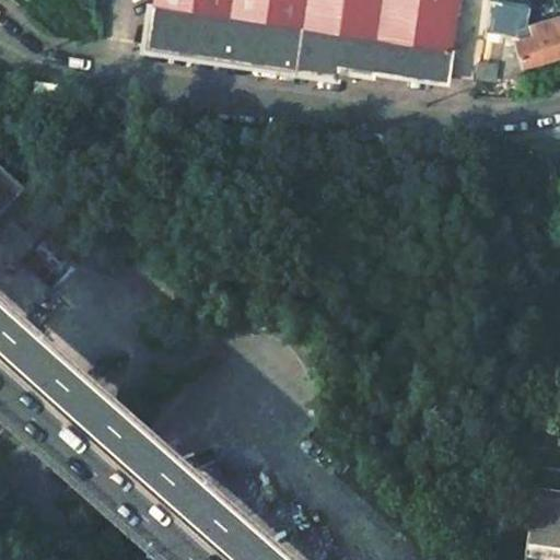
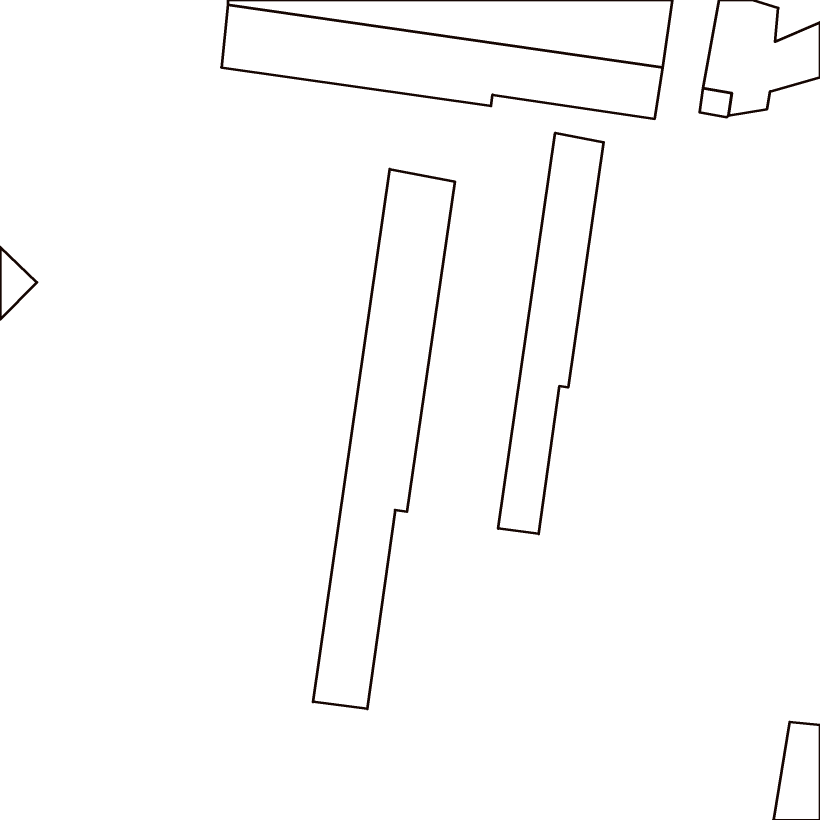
building: none -> [498,133,604,534]
building: none -> [313,169,455,709]

